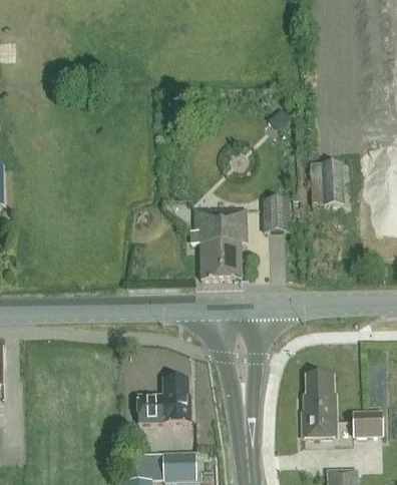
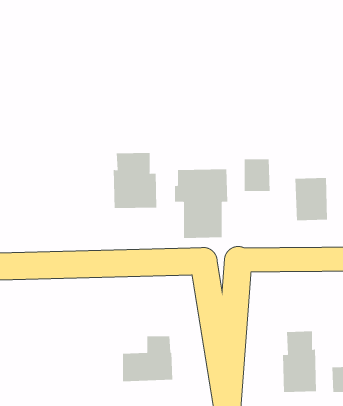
building: [310,159,344,203] -> [294,178,328,221]
building: none -> [113,152,157,209]

